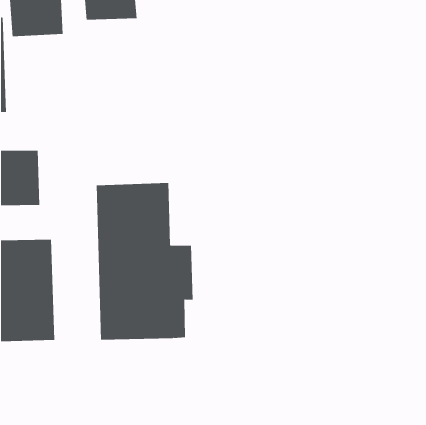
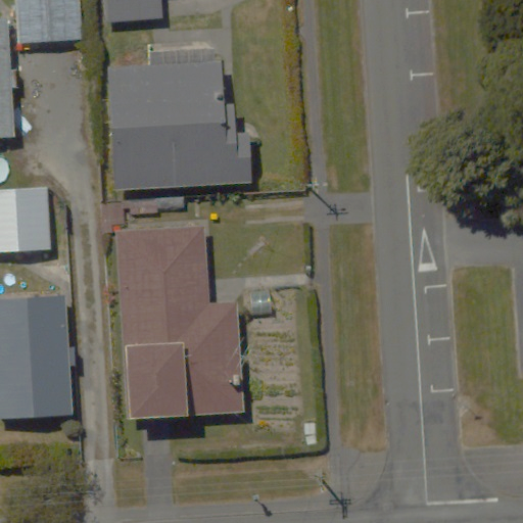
building: none -> [110,60,240,189]

